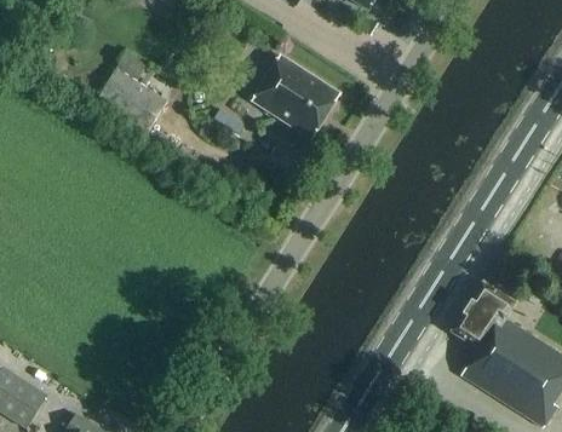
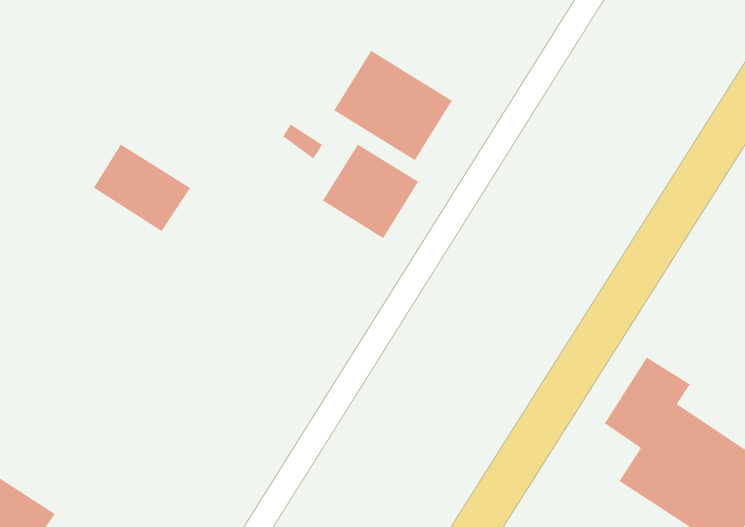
building: [96,68,168,133] -> [93,144,191,232]
building: none -> [322,143,419,239]

